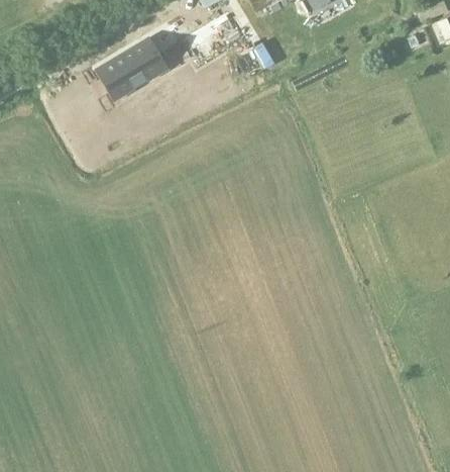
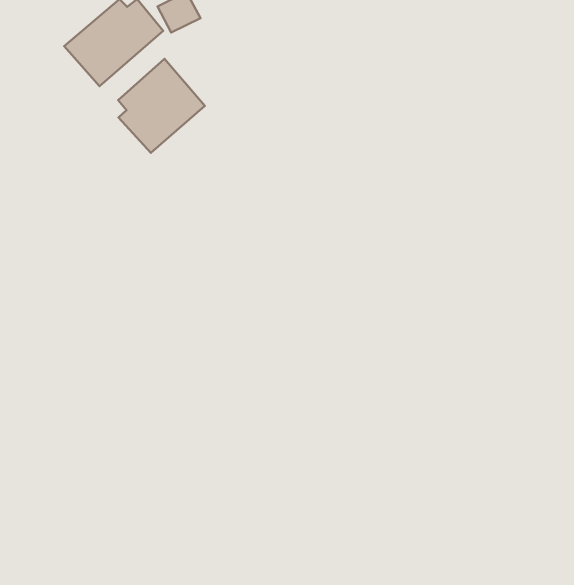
building: none -> [118,59,205,153]

